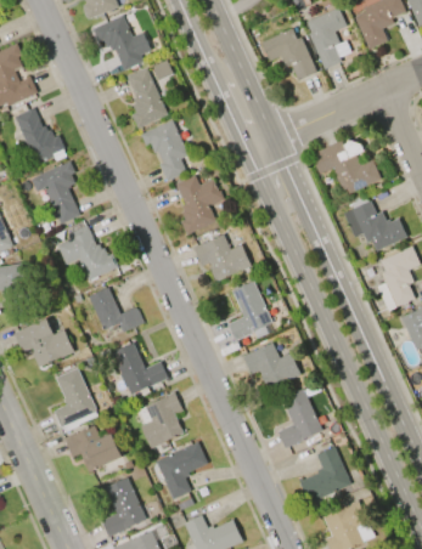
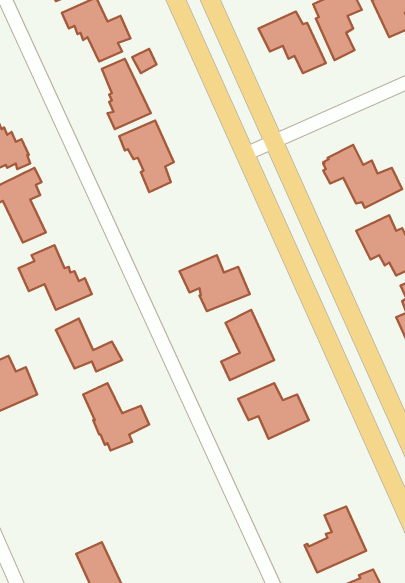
building: [176,175,226,234] -> none
building: [51,368,99,432] -> none
building: [277,389,322,448] -> none
building: [137,392,184,448] -> none
building: [64,425,123,472] -> none
building: [156,441,208,498] -> none

